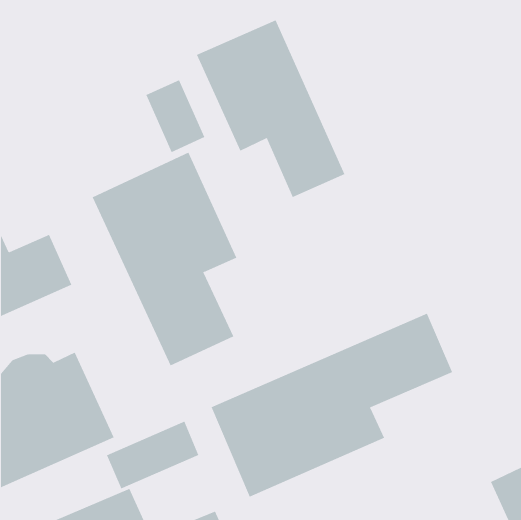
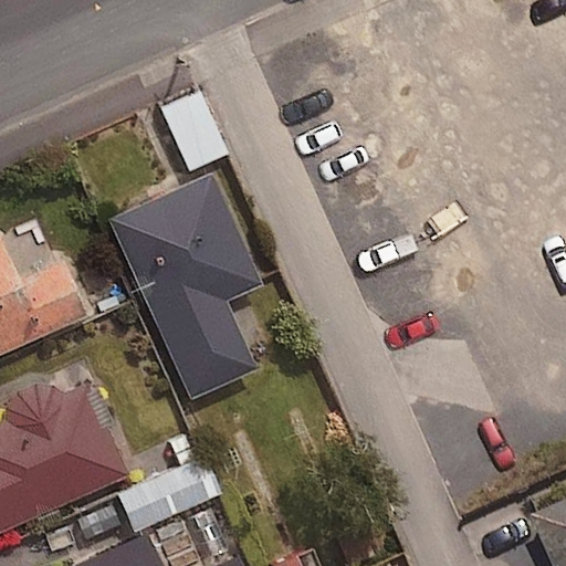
building: [196,19,345,198] -> none
building: [211,313,453,497] -> none

